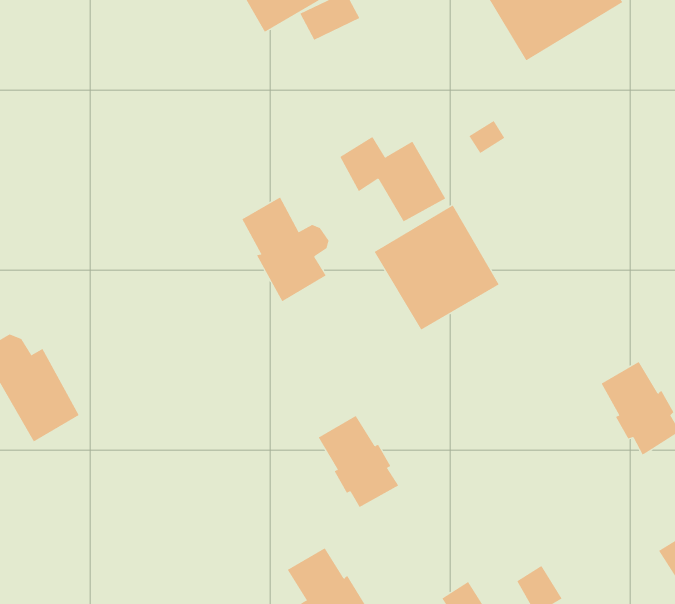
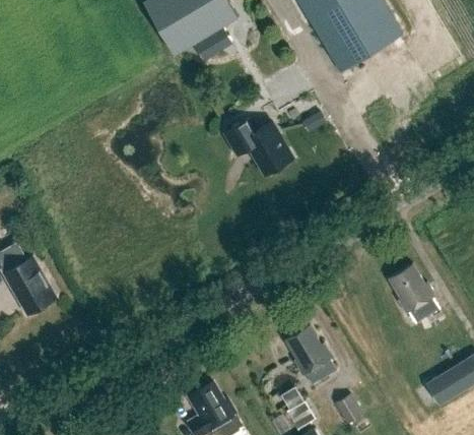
building: [242,197,329,302] -> none
building: [374,205,499,330] -> none
building: [318,415,399,508] -> [285,325,337,384]

